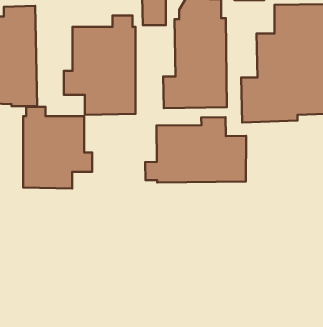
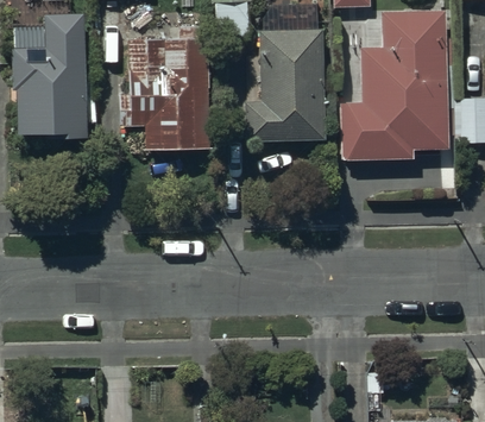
building: [23,107,92,188] -> none
building: [145,117,246,183] -> none

